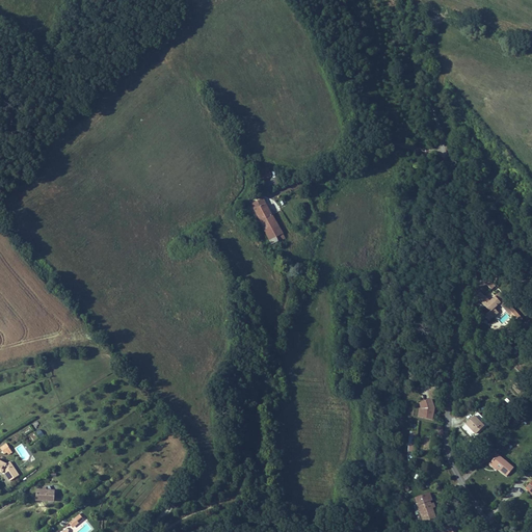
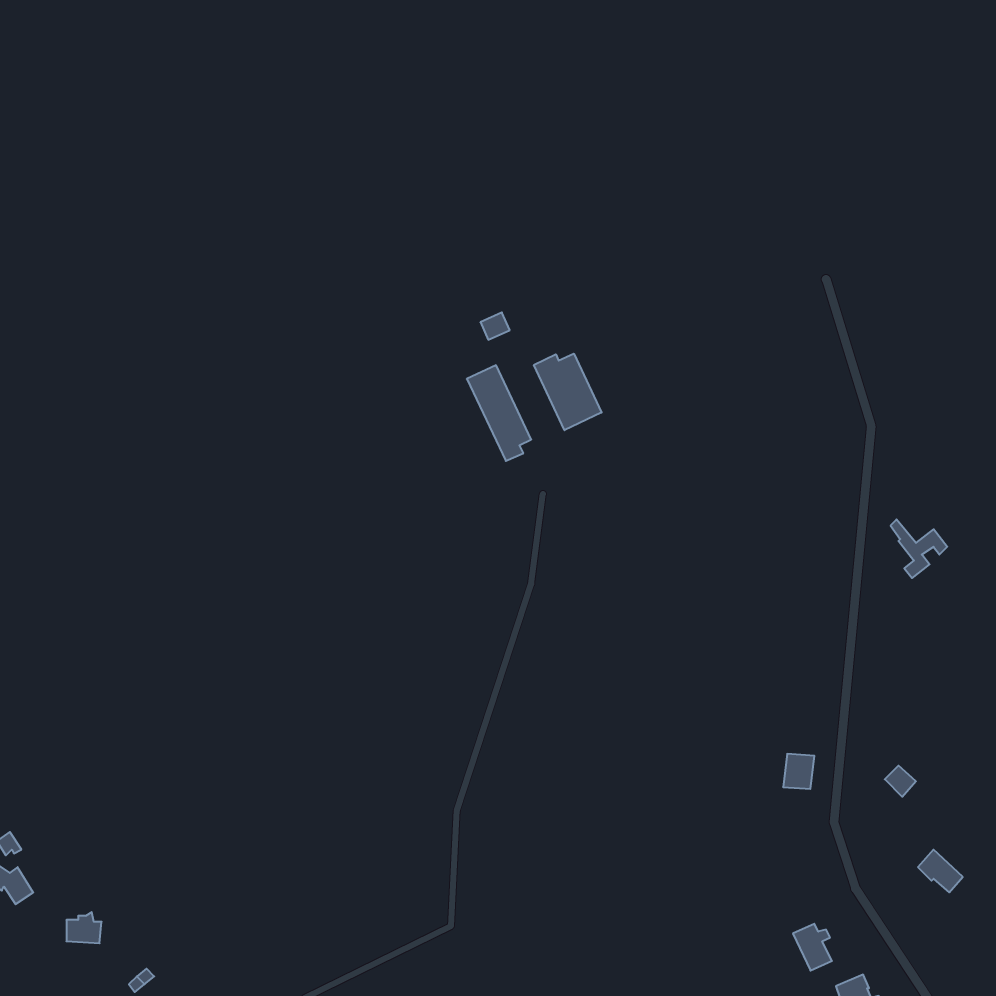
building: none -> [534,354,602,430]

